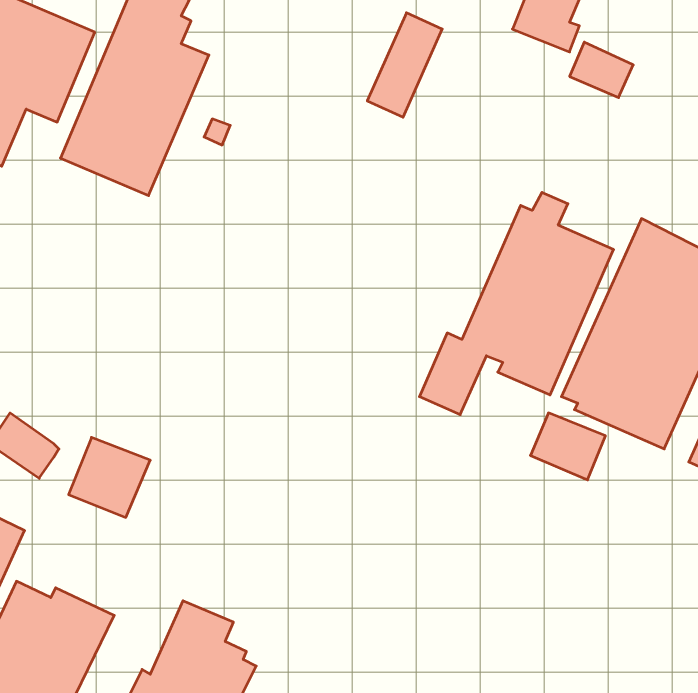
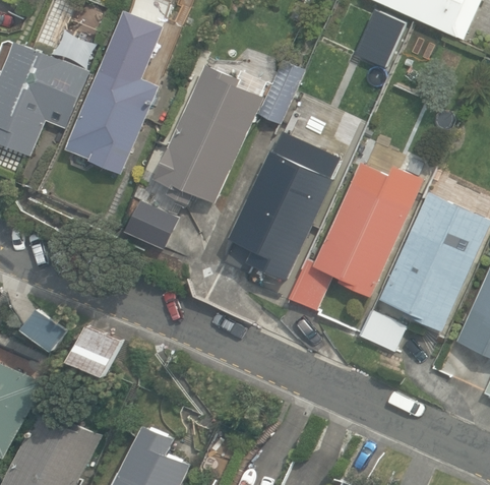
building: none -> [151,62,261,203]
building: none -> [224,131,334,279]
building: none -> [123,198,178,248]

